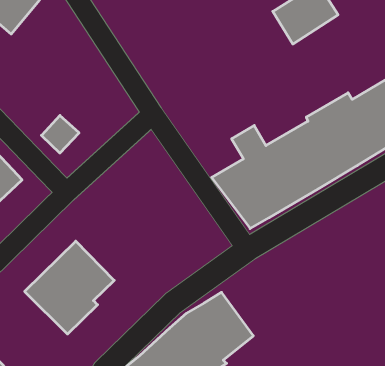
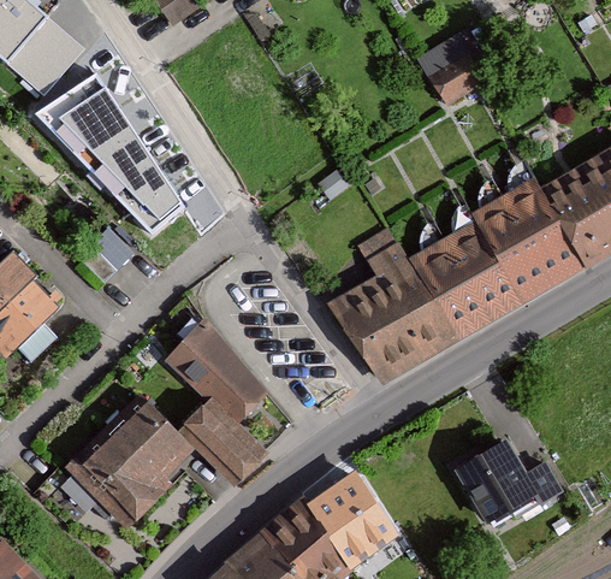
building: none -> [40,71,188,230]
building: none -> [162,321,266,486]
building: none -> [452,441,560,525]

